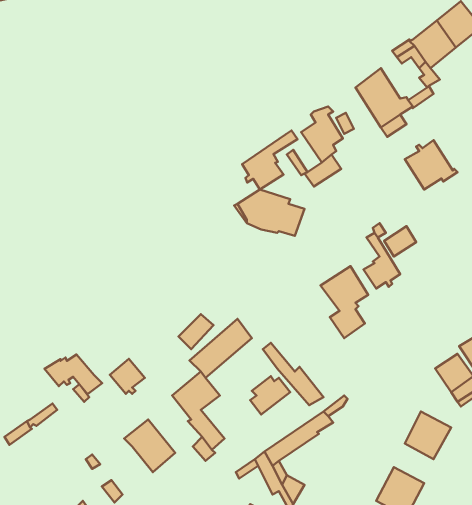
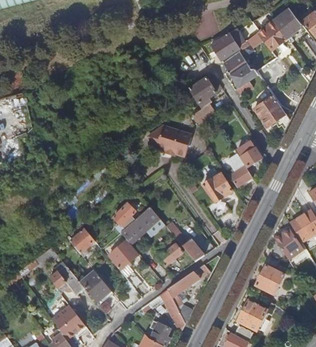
building: none -> [212,31,240,59]
building: [242,131,297,190] -> none
building: [45,354,102,394] -> [48,268,84,293]

